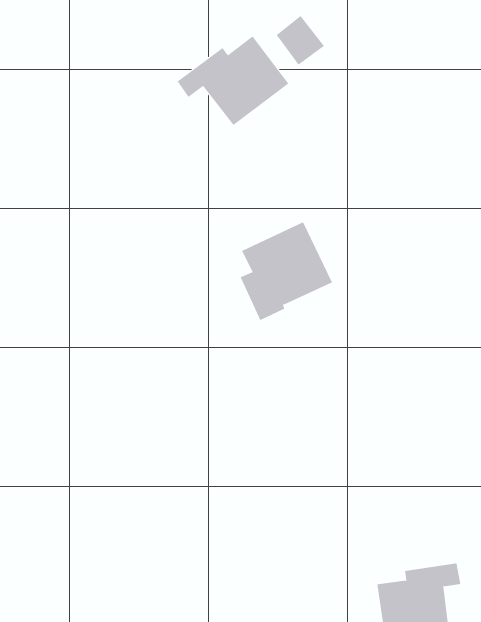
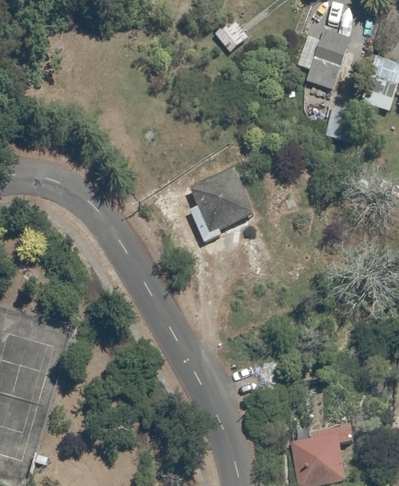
building: none -> [303,25,350,89]
building: [177,35,289,126] -> none

